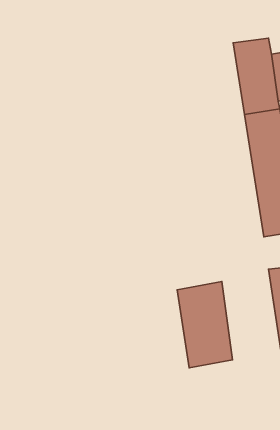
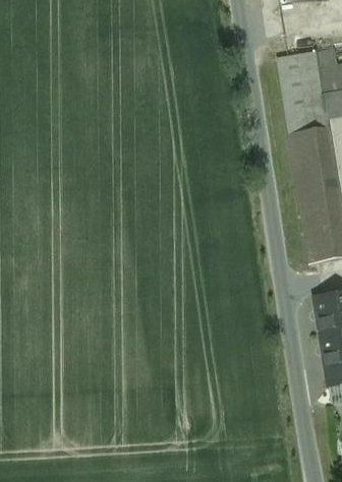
building: [177,281,233,368] -> none

